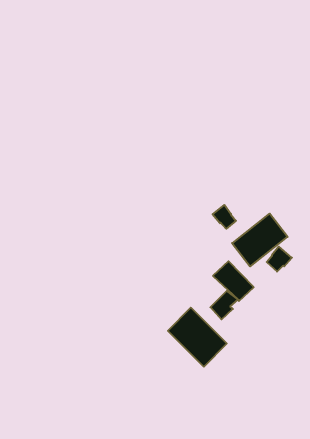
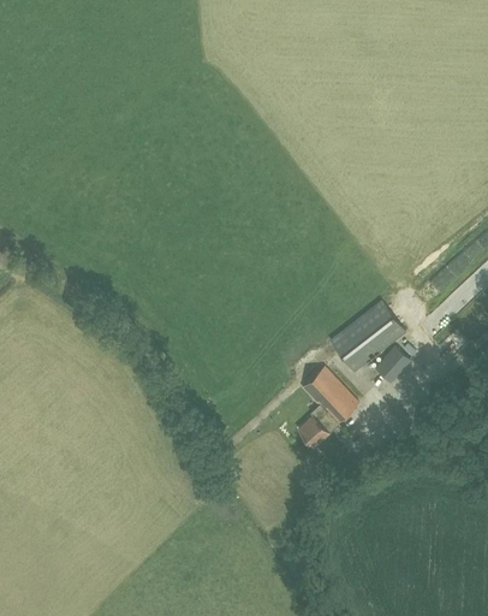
building: [213,205,236,229] -> none
building: [168,308,227,367] -> none

